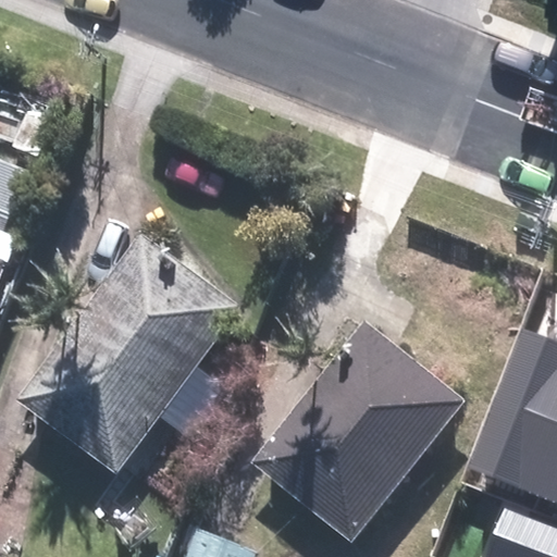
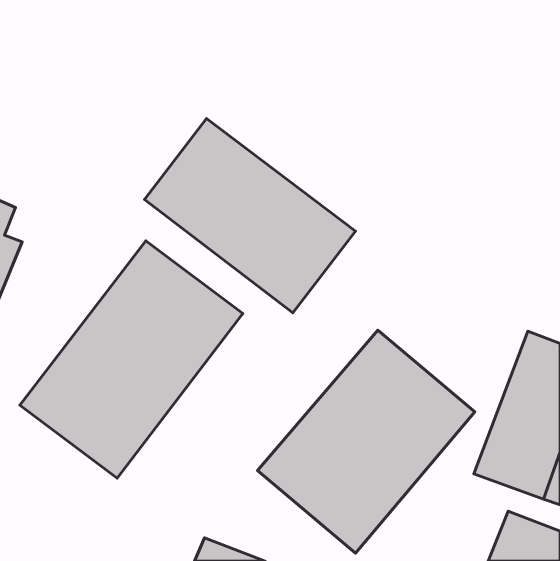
building: none -> [144,119,356,313]

